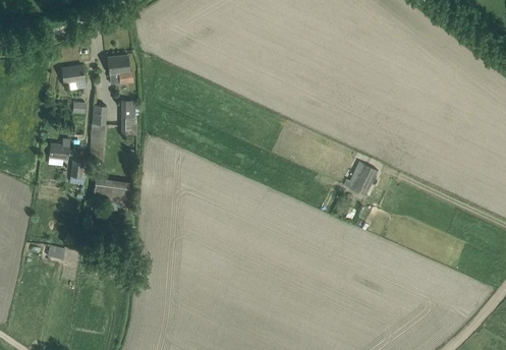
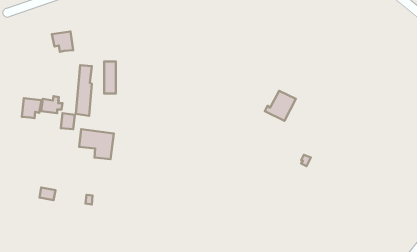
building: [107,54,132,84] -> none
building: none -> [22,98,42,118]
building: [343,161,379,195] -> [265,91,296,121]

